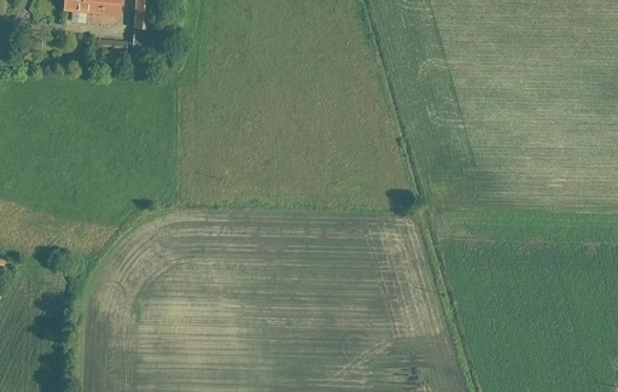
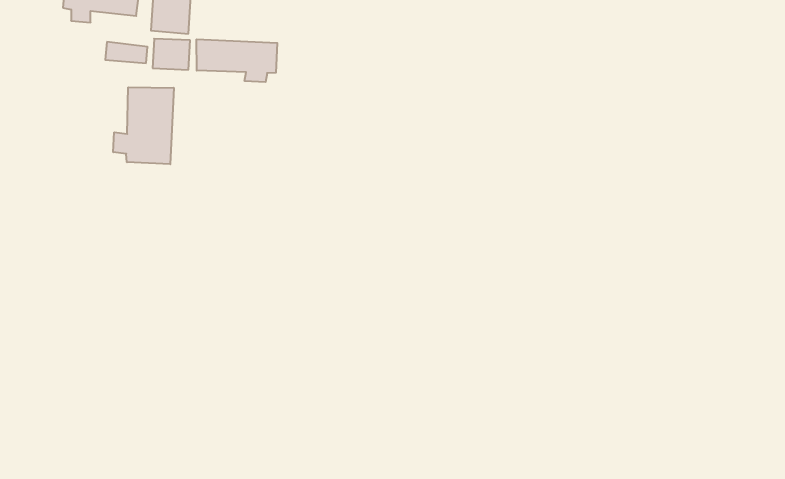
building: none -> [197,39,277,82]
building: none -> [113,87,174,164]

